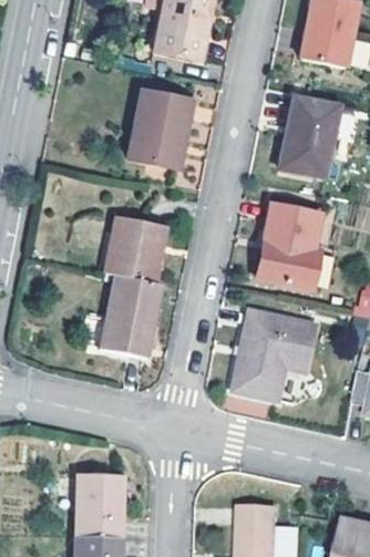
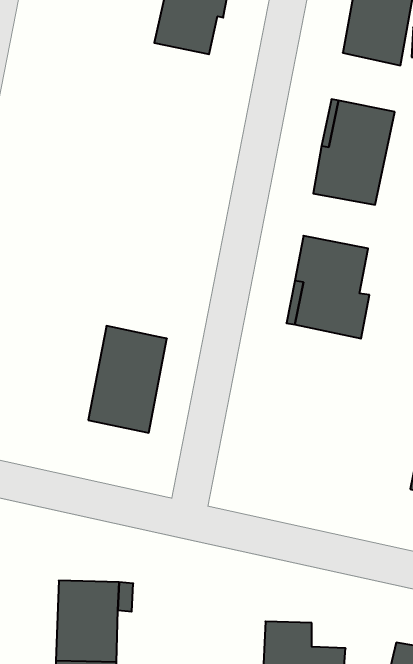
building: [127,89,193,168] -> none
building: [104,216,168,282] -> none
building: [233,308,316,401] -> none

